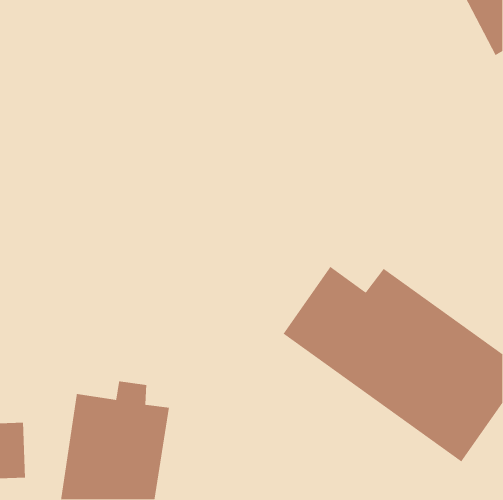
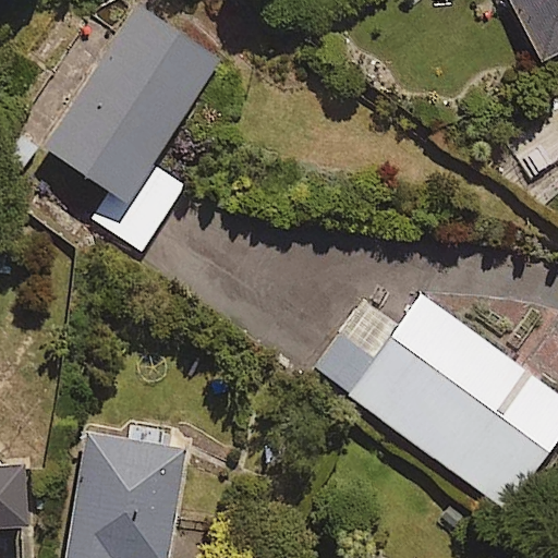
building: none -> [43,5,220,248]

